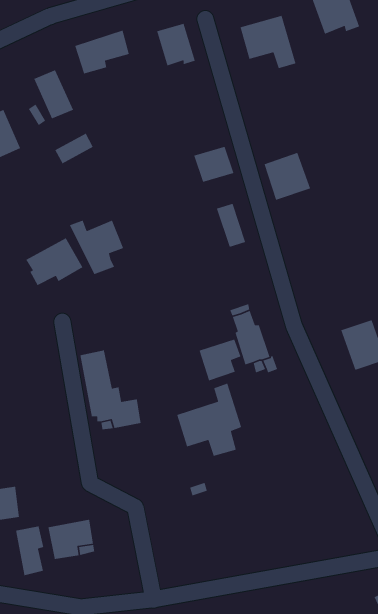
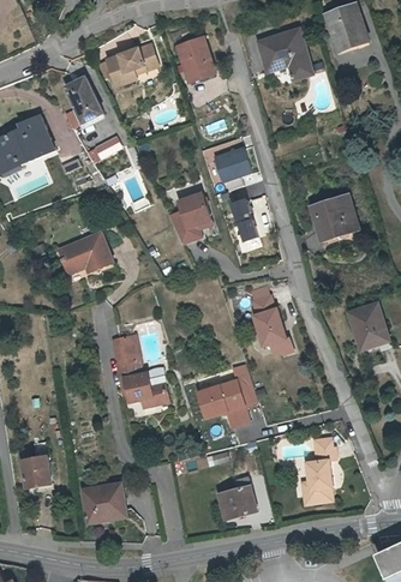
building: [263,152,311,201] -> [311,192,354,236]
building: [69,219,124,275] -> [156,194,207,245]
building: [198,339,242,381] -> none
building: none -> [301,438,335,504]
building: none -> [217,478,256,520]
building: [15,526,44,576] -> none

